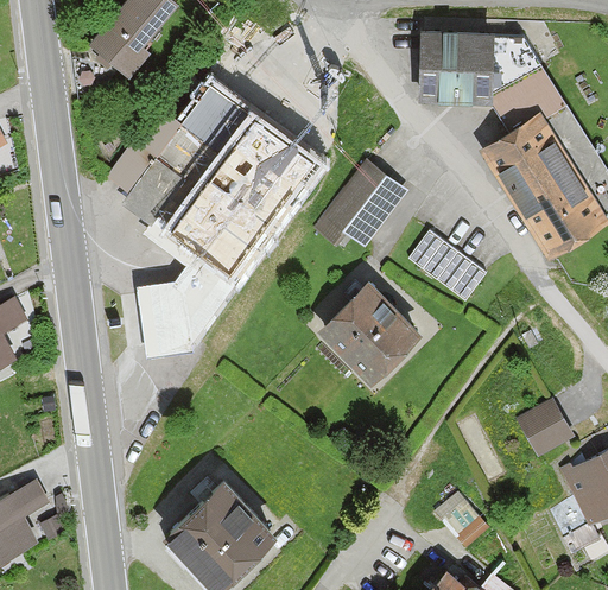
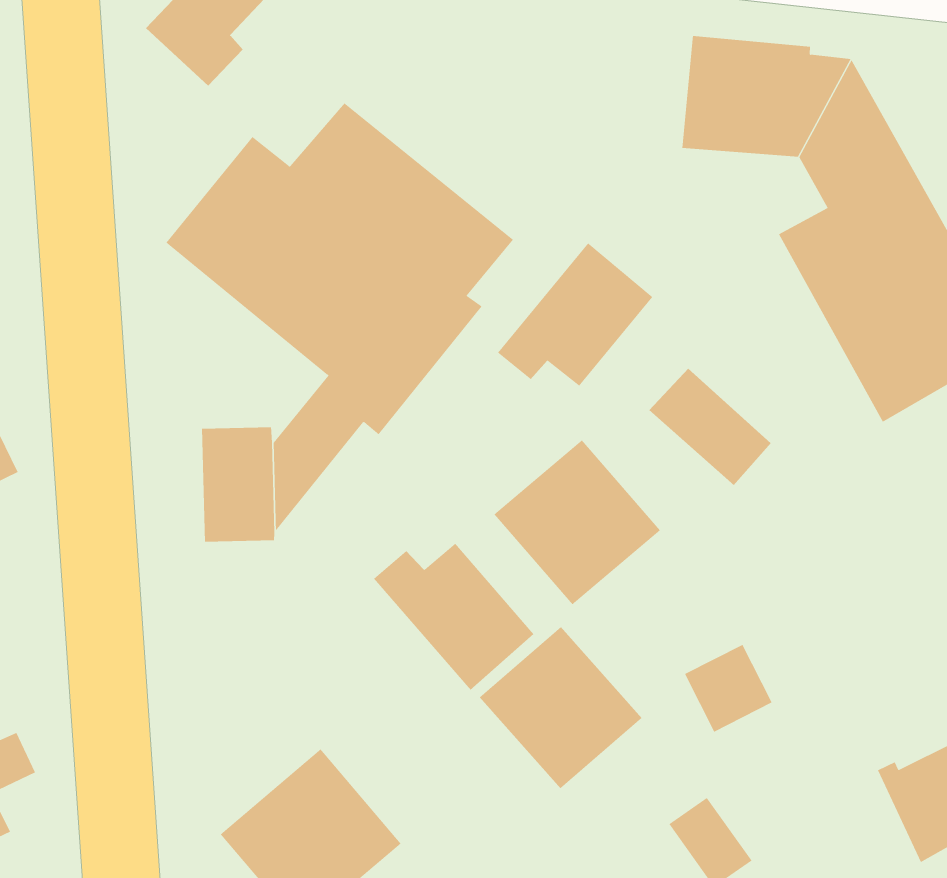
building: none -> [373,543,534,691]
building: none -> [479,626,643,789]
building: [517,400,571,455] -> [684,644,772,732]

